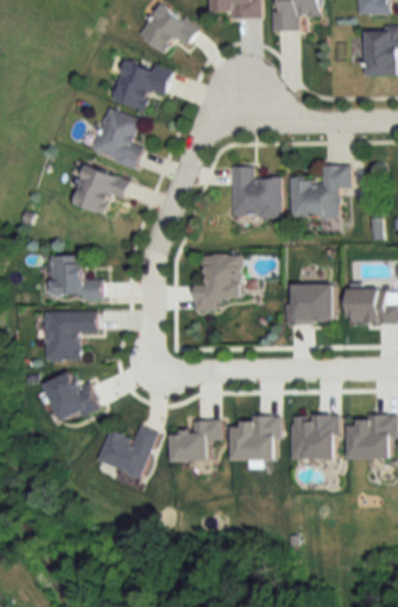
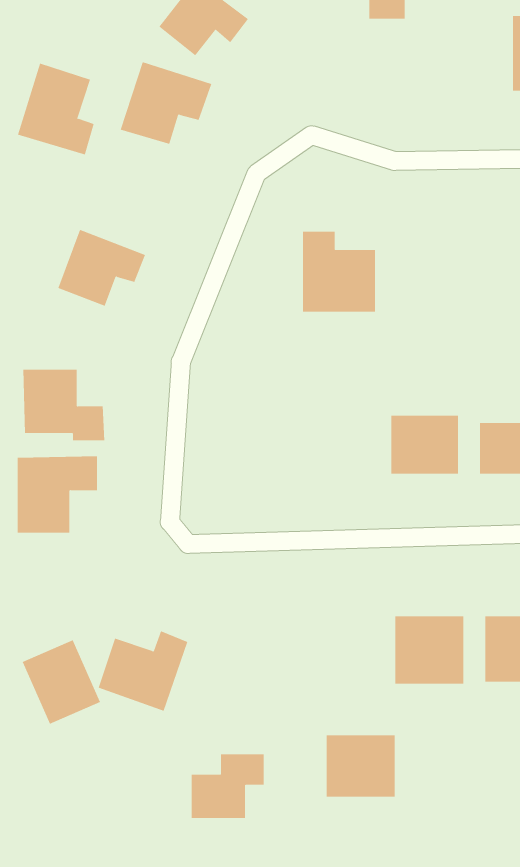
building: [93,107,143,167] -> [17,63,95,155]
building: [289,164,349,217] -> none
building: [192,254,240,311] -> none
building: [45,368,96,423] -> [22,640,101,724]
building: [232,418,277,458] -> [326,735,396,797]
building: [172,419,220,461] -> [191,754,264,818]

